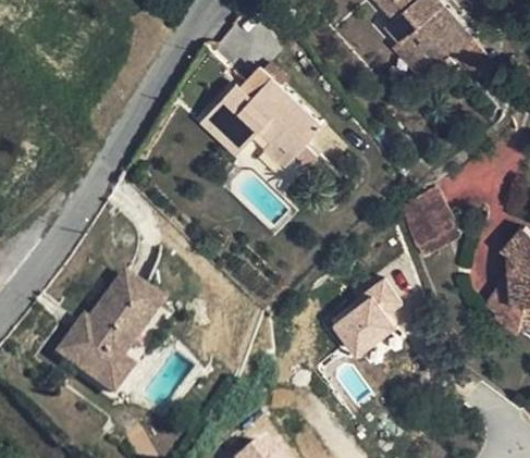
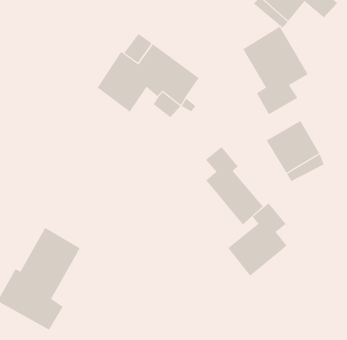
building: none -> [242,26,308,115]
building: none -> [205,146,263,225]

